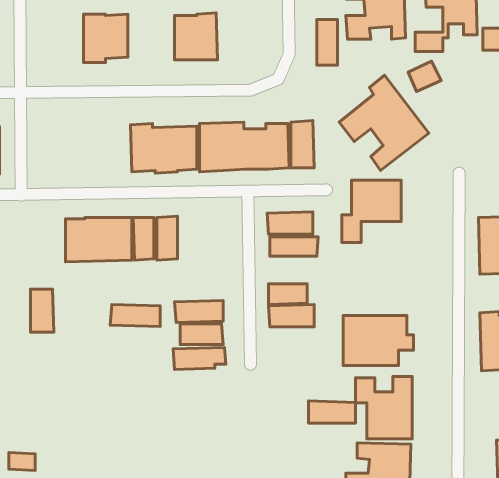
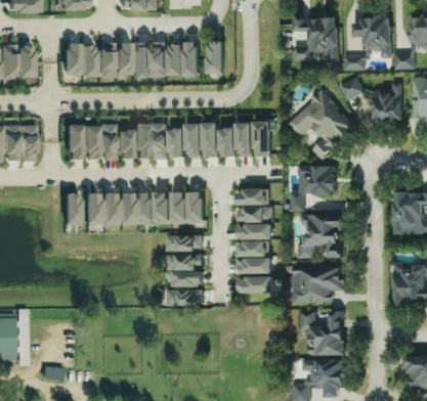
building: none -> [133,41,166,77]
building: none -> [65,44,95,76]
building: [317,20,338,65] -> [207,40,222,74]
building: none -> [373,82,402,122]
building: none -> [67,123,133,161]
building: none -> [171,191,203,223]
building: none -> [298,214,342,258]
building: none -> [237,224,272,239]
building: [30,289,54,332] -> [65,193,82,225]
building: [110,304,160,326] -> [166,234,203,251]
building: [309,401,356,423] -> [238,276,272,293]

